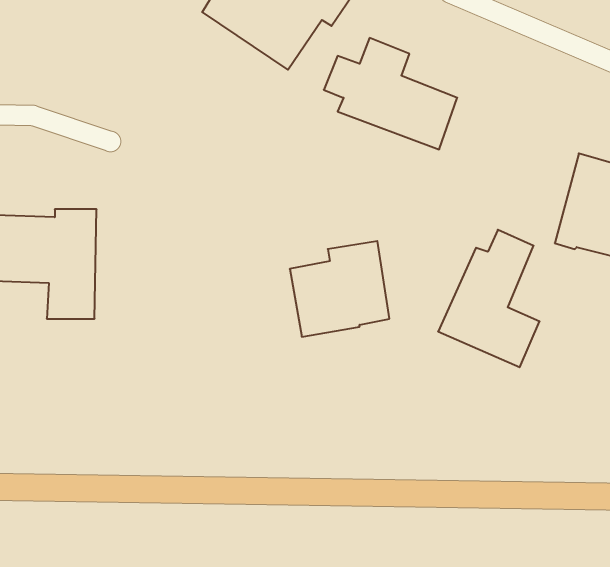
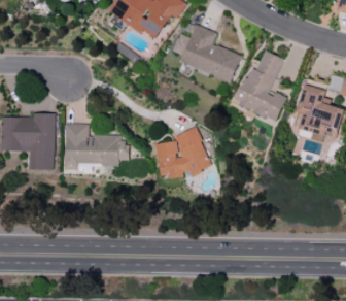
building: none -> [65,124,129,171]
building: [438,230,540,367] -> [234,51,286,122]

